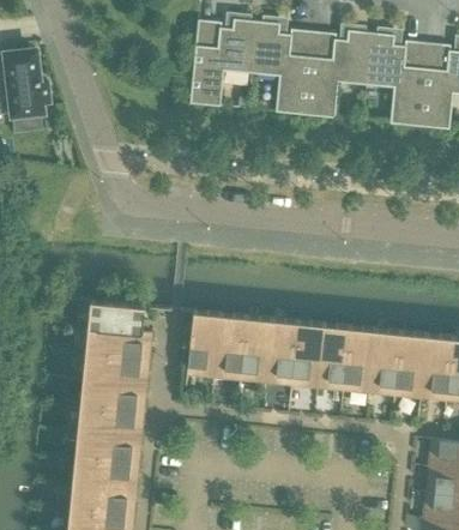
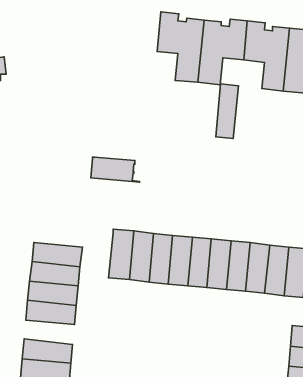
building: [189,19,255,107] -> none
building: none -> [216,84,238,139]
building: [86,301,151,335] -> [91,157,139,182]
building: [73,432,140,464] -> none

